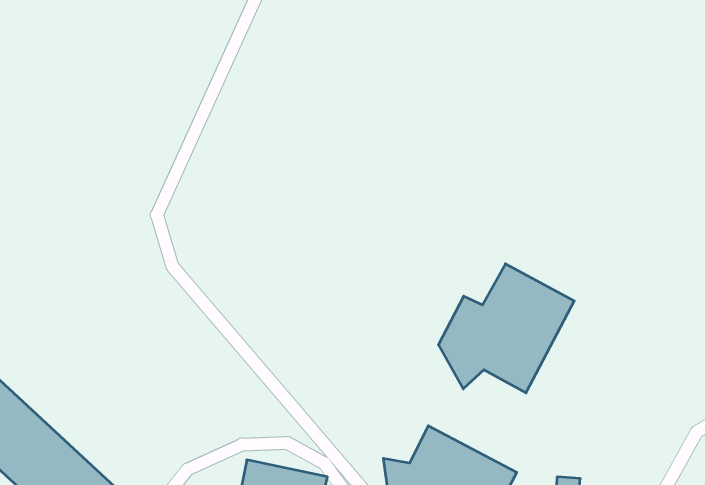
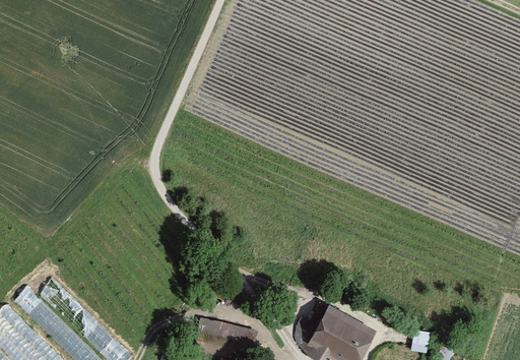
building: [438,264,574,393] -> none

